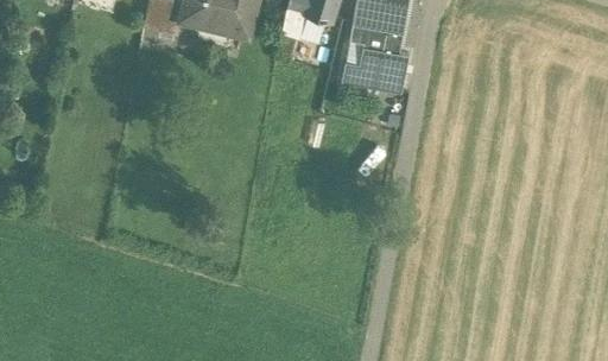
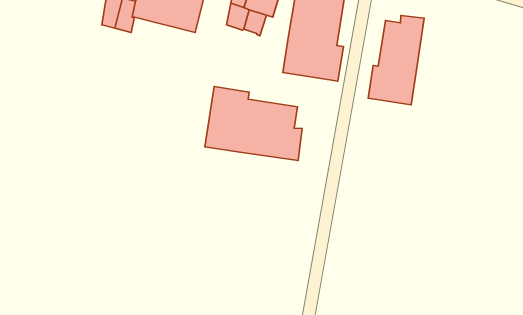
building: none -> [368,15,424,105]
building: none -> [205,87,302,161]

